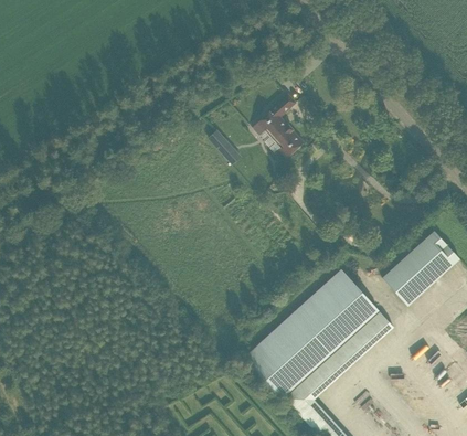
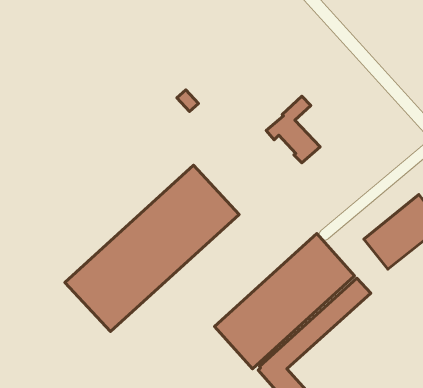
building: [252,93,304,157] -> [266,96,320,163]
building: none -> [65,165,239,332]

